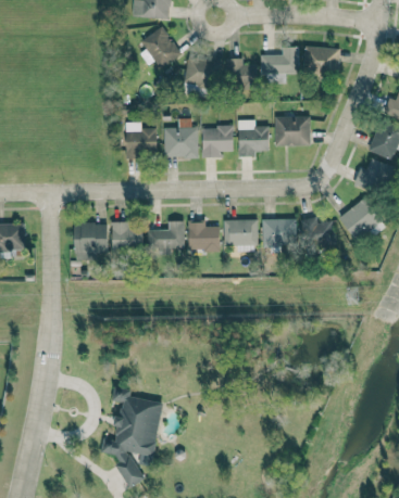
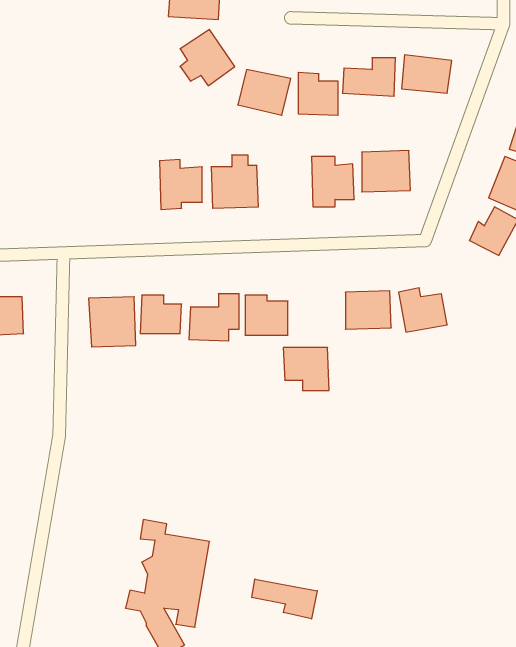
building: [201,127,233,158] -> none
building: [338,197,382,240] -> none
building: [223,220,257,252] -> [283,348,329,390]
building: none -> [252,579,317,619]

